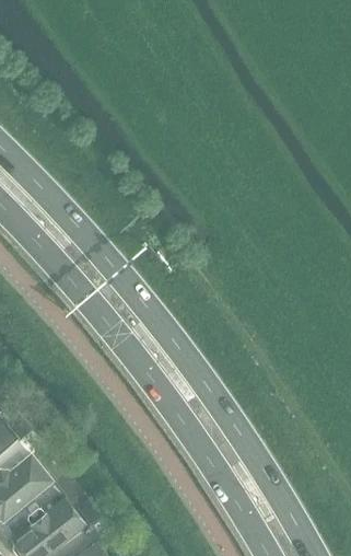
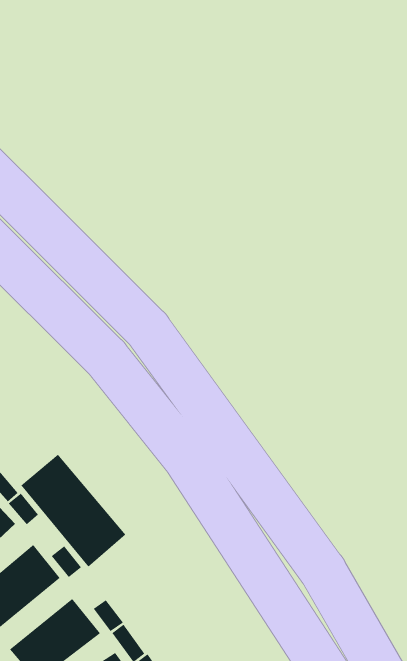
building: none -> [20,454,126,568]

